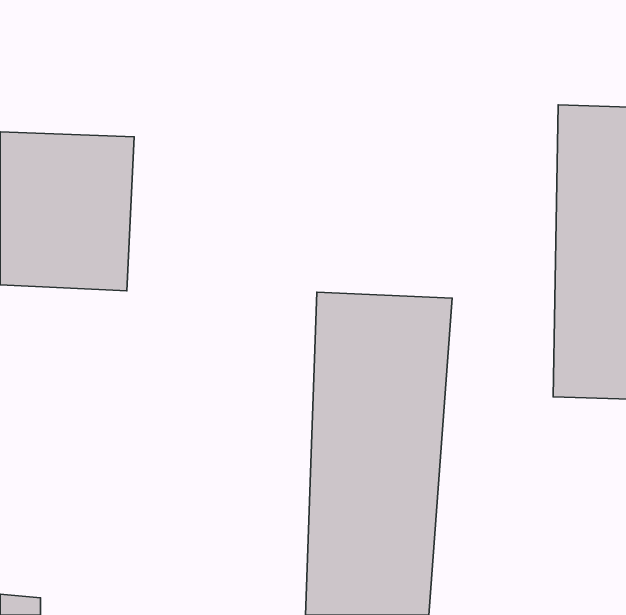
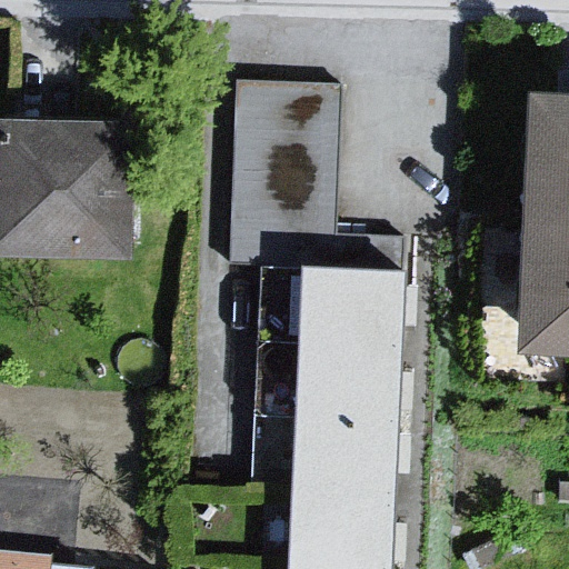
building: none -> [234,78,341,257]

